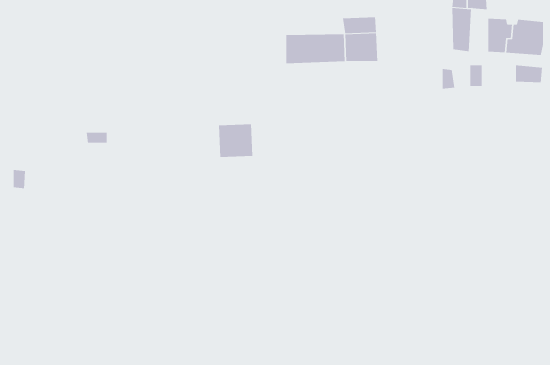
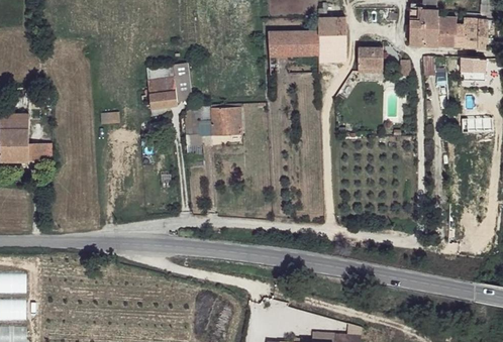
building: none -> [423,9,438,45]
building: none -> [354,45,383,71]
building: none -> [147,79,178,106]

